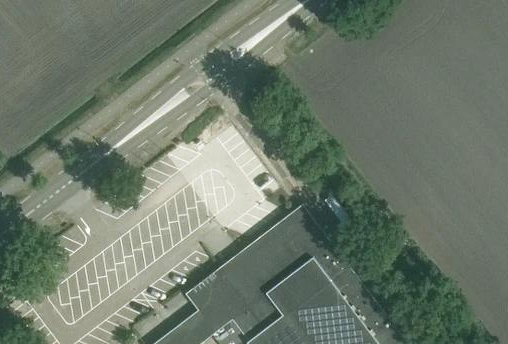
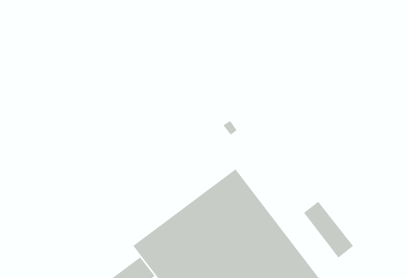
building: none -> [303,201,354,259]

